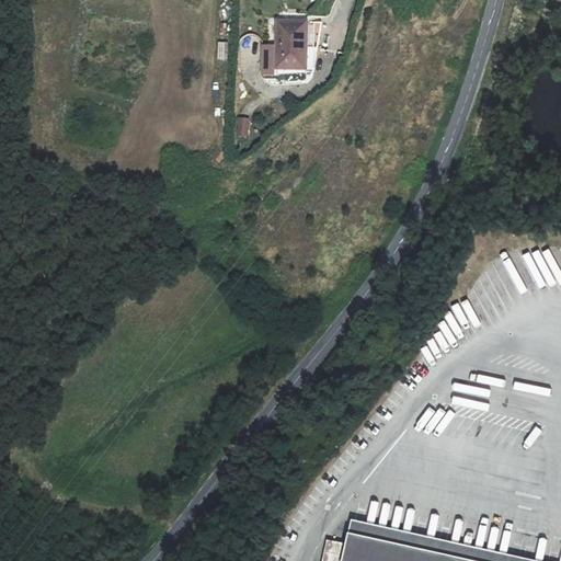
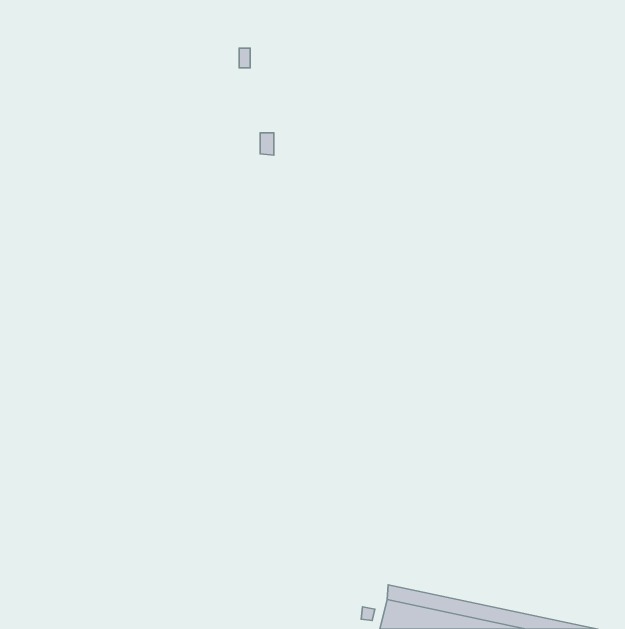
building: [272,22,318,73] -> none

